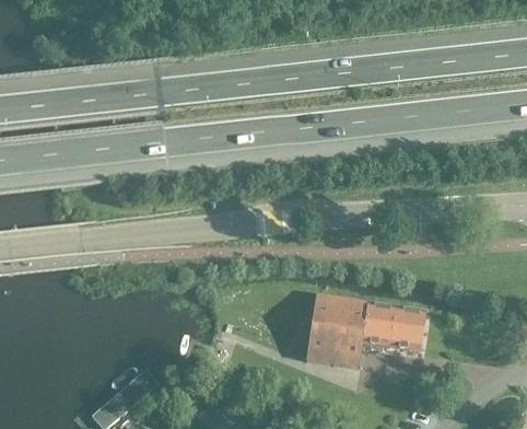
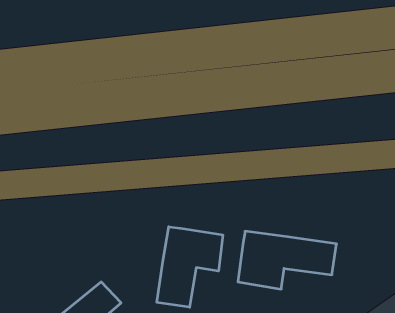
building: none -> [157,227,223,307]

